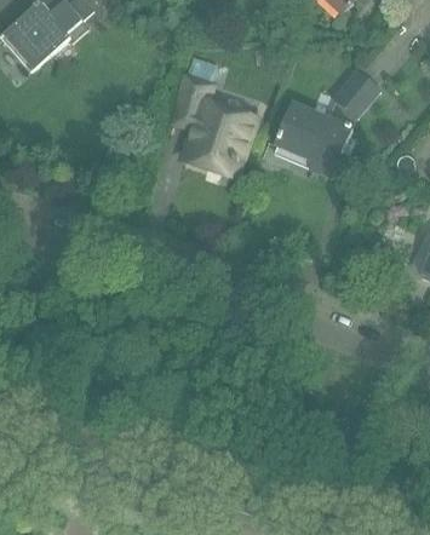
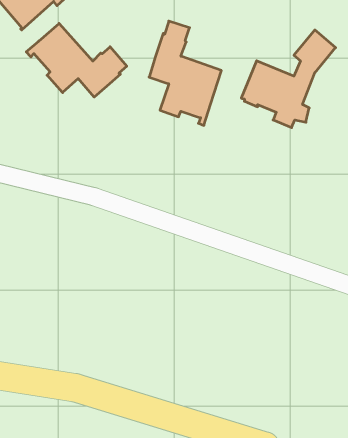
building: none -> [26,23,127,97]

